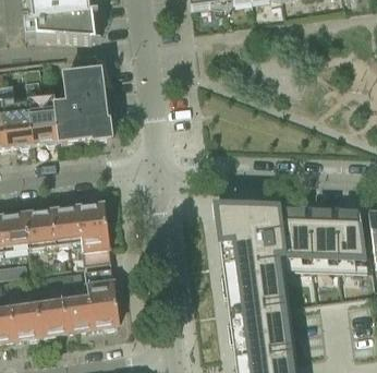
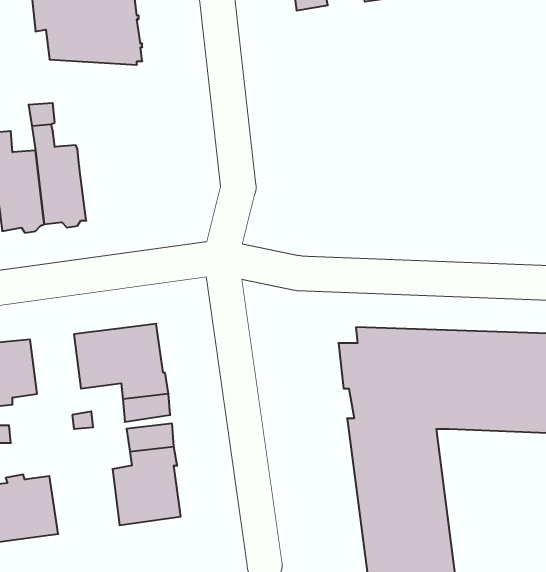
building: [56,71,111,142] -> none
building: [25,209,58,249] -> none
building: [37,291,81,334] -> none

